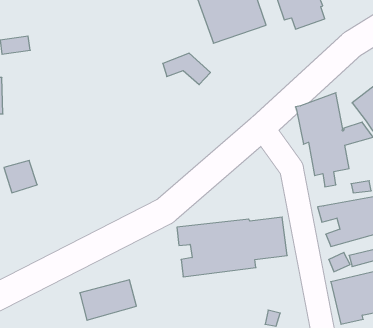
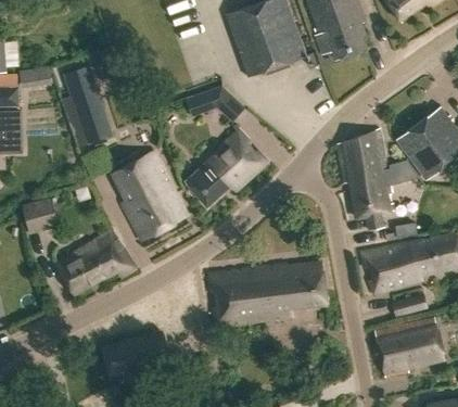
building: none -> [64,66,112,143]
building: none -> [185,131,266,207]
building: none -> [113,152,187,240]
building: none -> [58,231,135,294]

